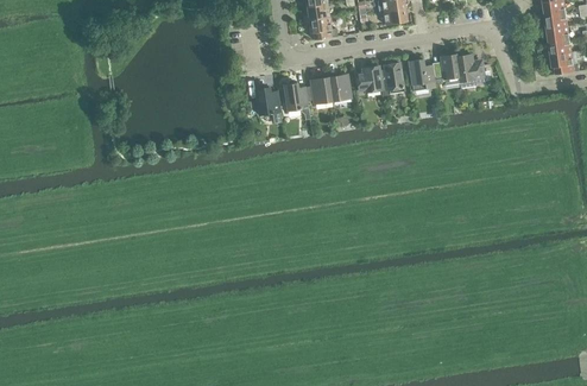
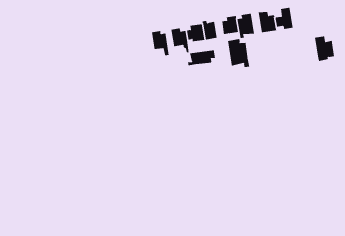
building: [455,50,485,87] -> [314,36,335,62]
building: none -> [227,38,250,68]
building: none -> [188,49,216,66]

